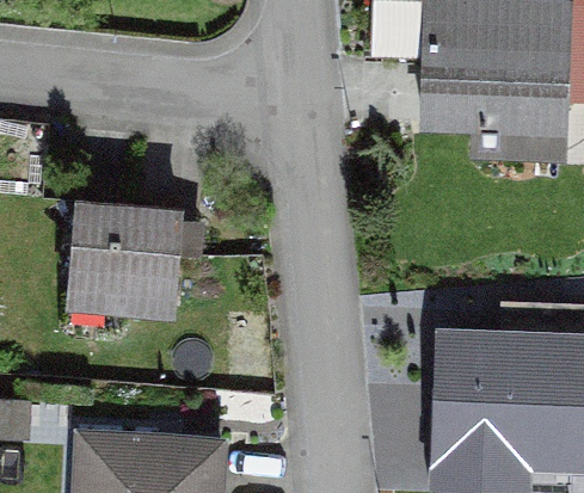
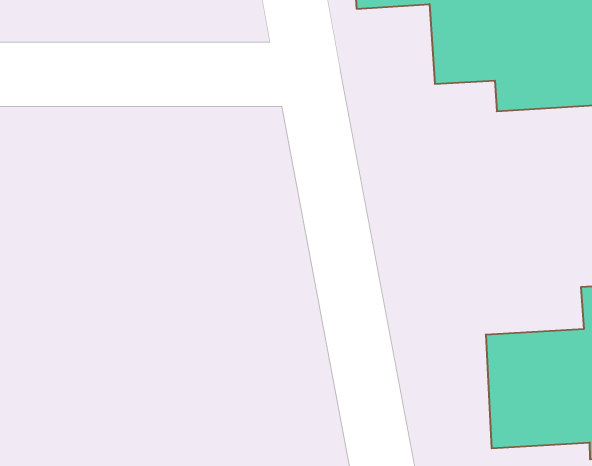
building: [72,203,182,302] -> none

